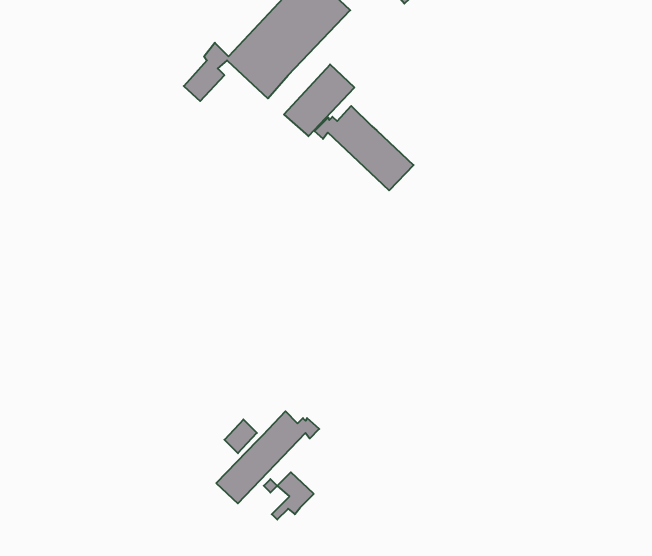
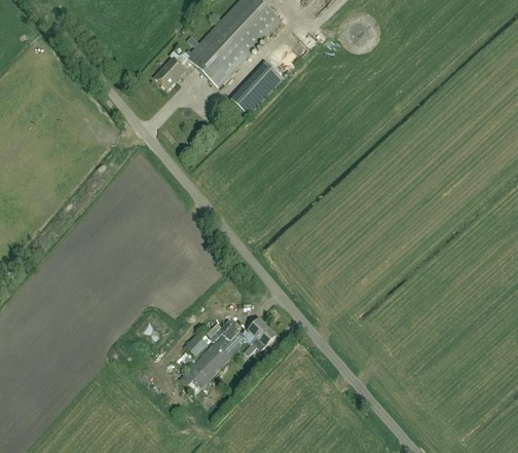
building: [315,106,414,190] -> none
building: [272,472,314,520] -> [245,317,276,353]

